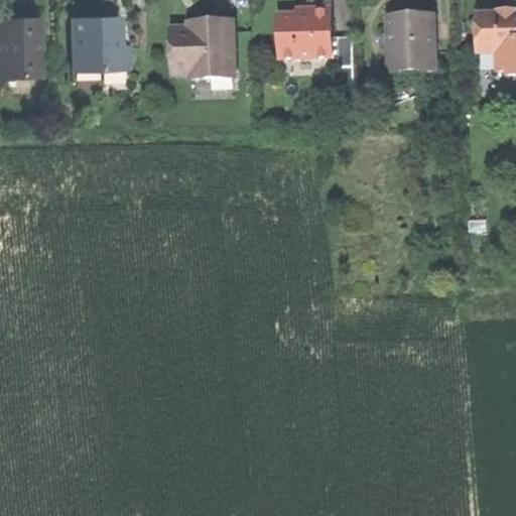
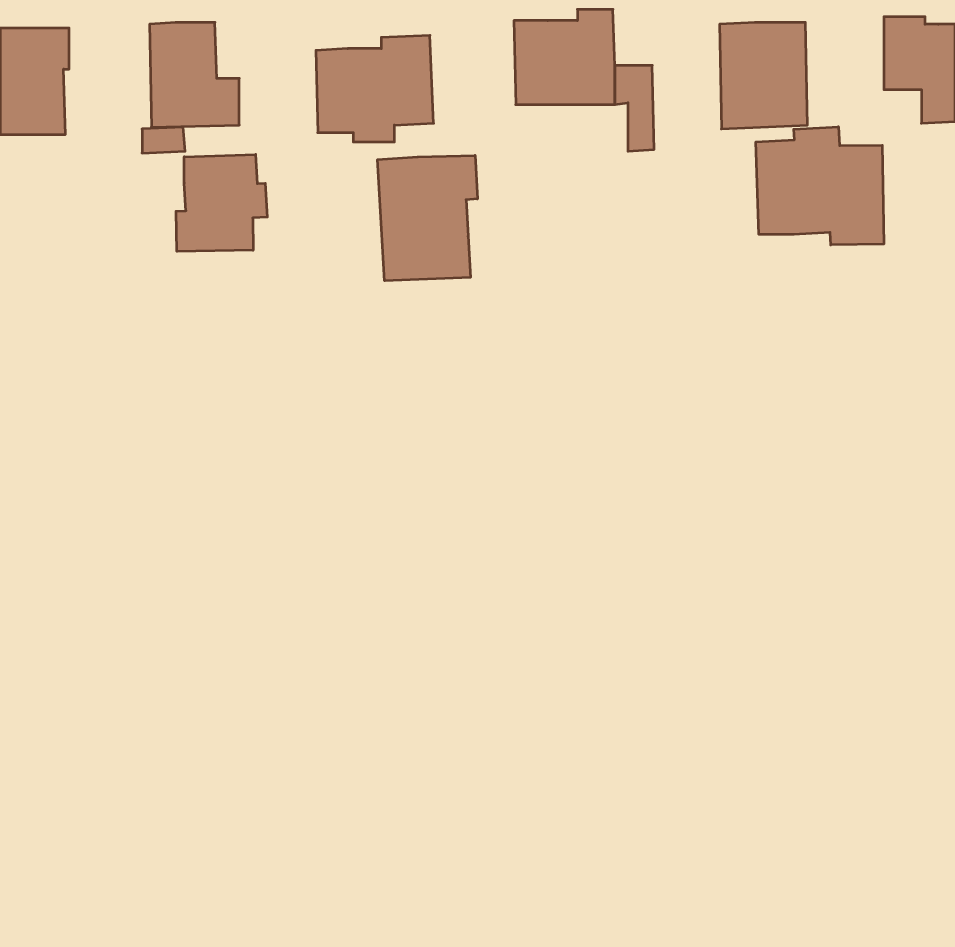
building: none -> [756,127,884,245]
building: none -> [176,154,267,251]
building: none -> [378,155,477,281]

